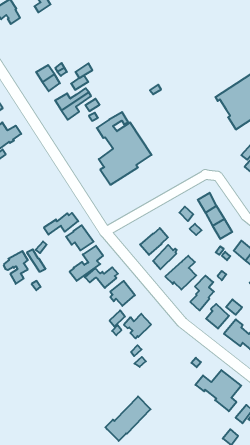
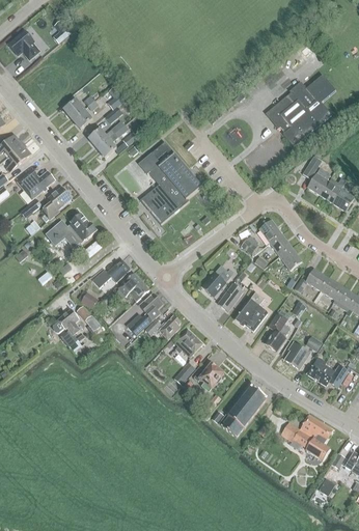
building: none -> [43,186,71,219]
building: none -> [45,213,96,246]
building: [105,396,151,441] -> [219,384,267,436]

